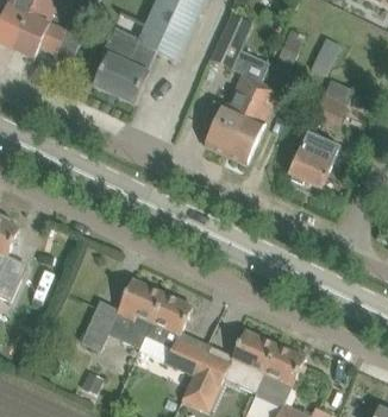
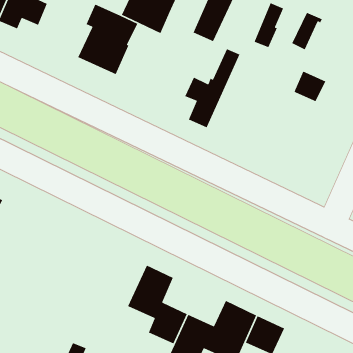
building: [226,80,281,163] -> none
building: [288,132,338,187] -> none
building: [80,278,164,349] -> none

